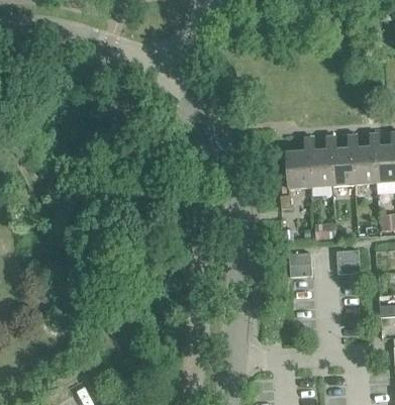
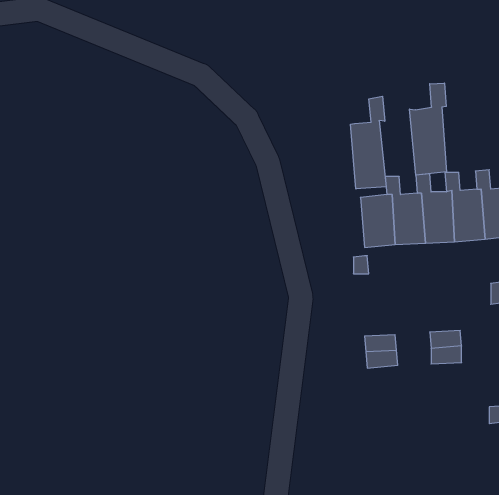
building: none -> [410,83,447,175]
building: none -> [351,96,386,189]

